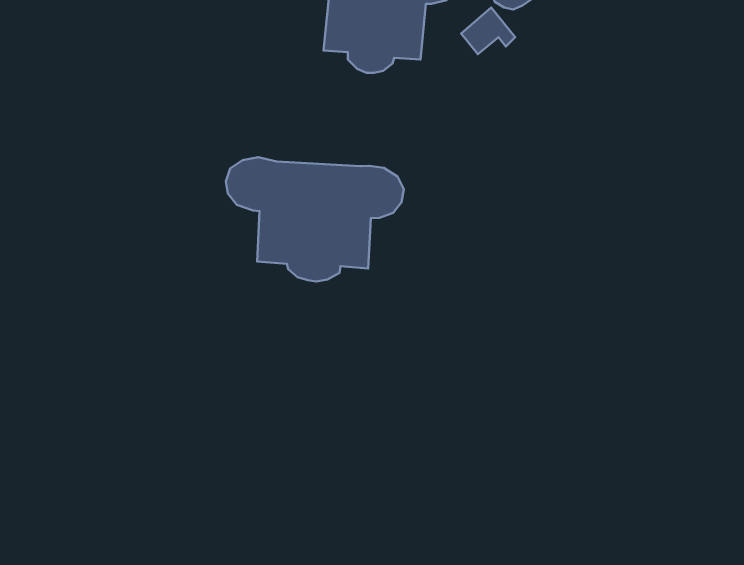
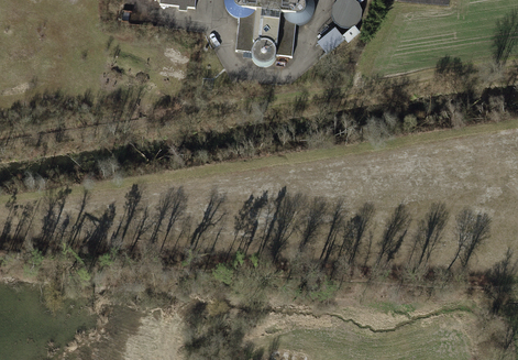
building: [226,157,404,281] -> none

